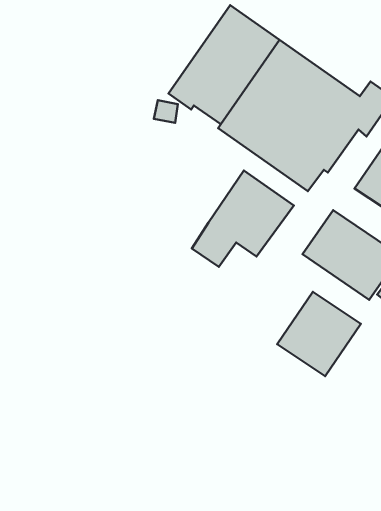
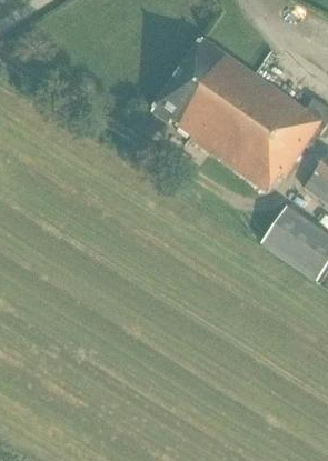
building: [192,171,294,267] -> none
building: [277,292,361,376] -> none

